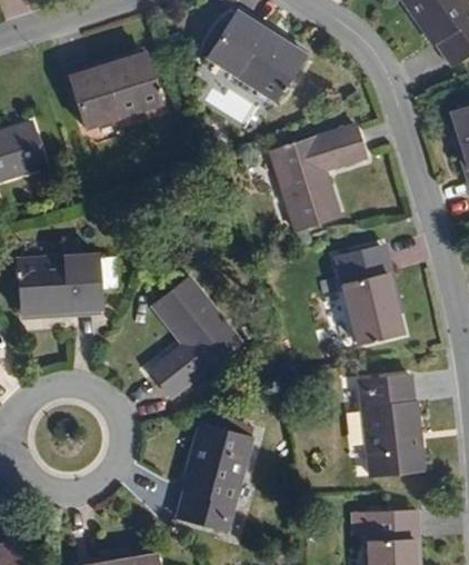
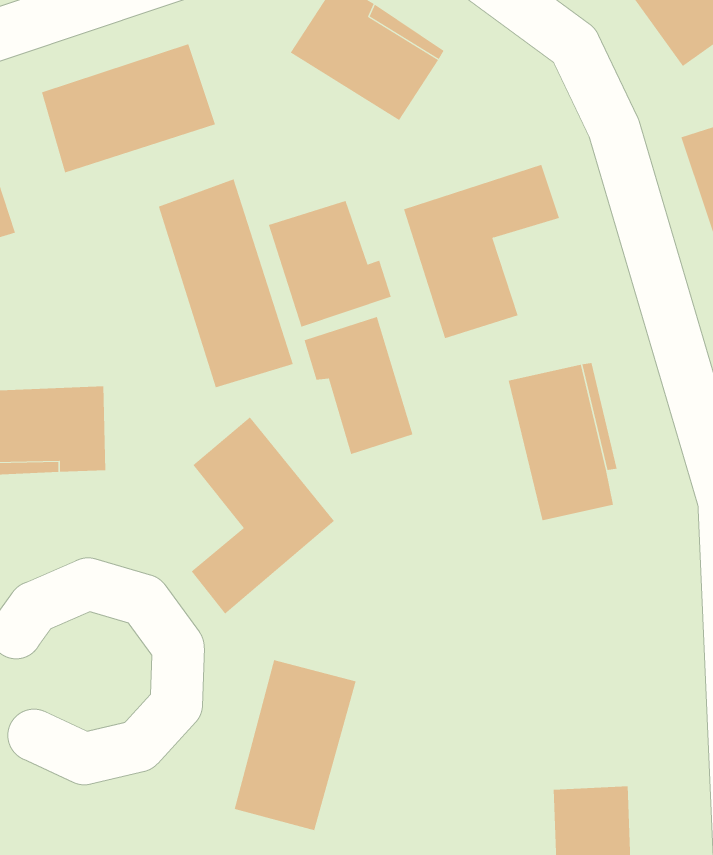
building: none -> [158,179,293,388]
building: none -> [268,200,391,327]
building: none -> [304,316,413,455]
building: [350,377,413,478] -> none

